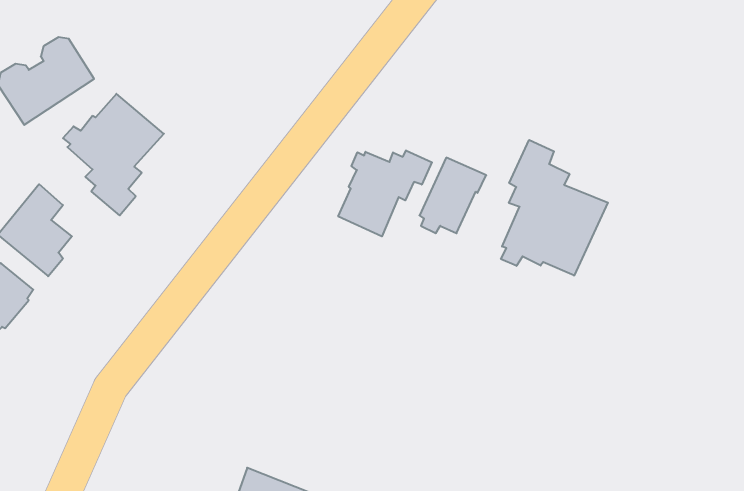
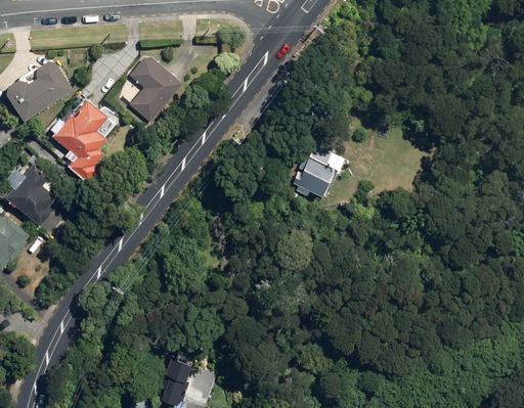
building: none -> [128,57,181,122]
building: [501,140,608,276] -> none
building: [338,150,432,236] -> none

